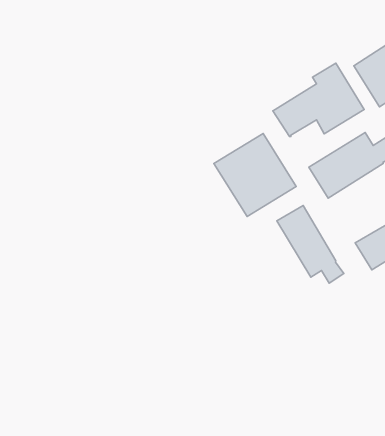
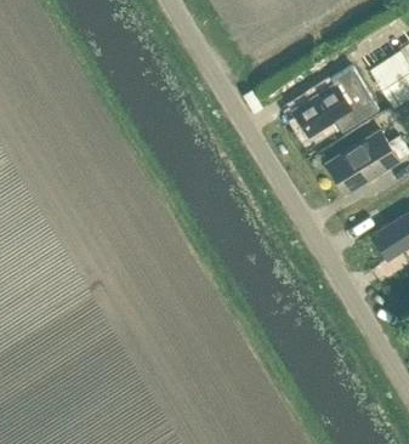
building: [214,133,296,217] -> none
building: [277,205,344,283] -> none

